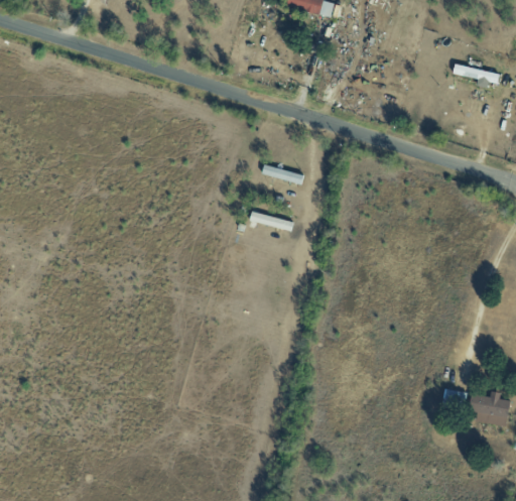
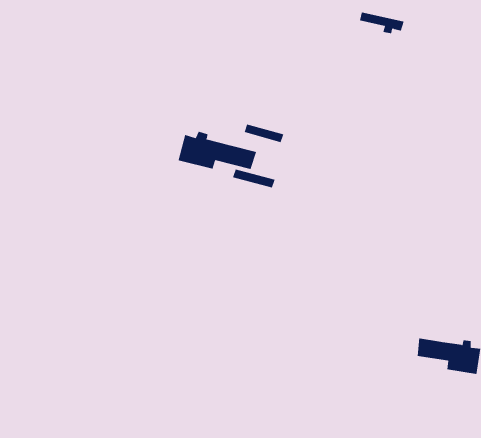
building: [453,64,500,87] -> [359,12,404,34]
building: none -> [178,131,257,170]

